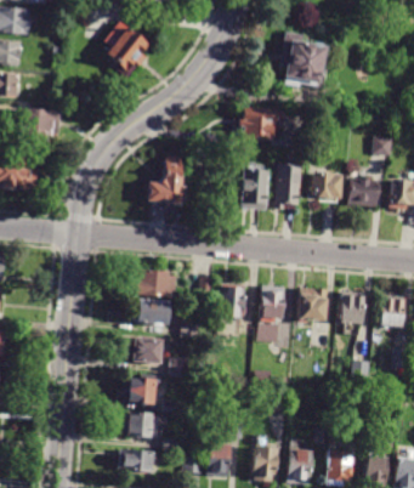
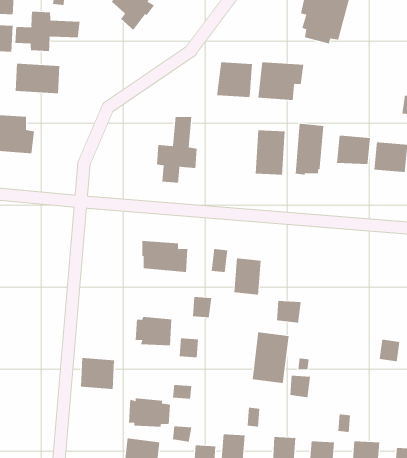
building: none -> [15,11,80,52]
building: none -> [216,62,253,98]
building: [260,285,284,319] -> none
building: [299,288,330,320] -> none
building: [341,294,364,323] -> none
building: [132,300,171,327] -> none
building: none -> [252,331,289,384]
building: [125,376,157,405] -> [80,357,115,389]

